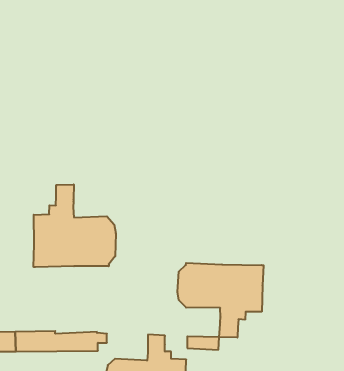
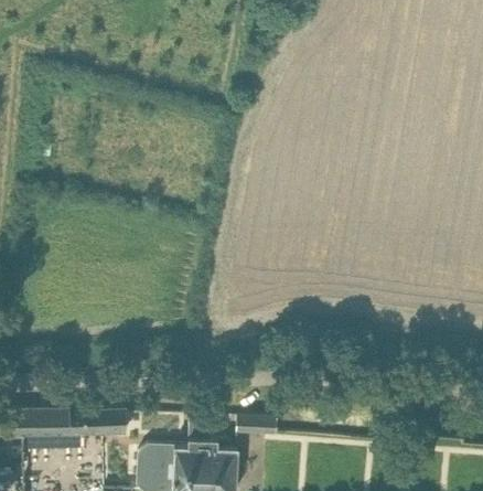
building: [34,184,116,267] -> none
building: [178,263,264,338] -> none

